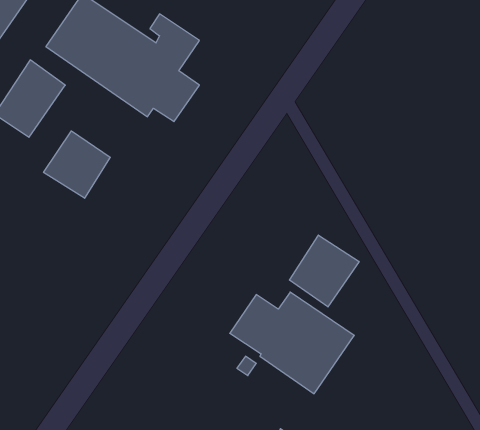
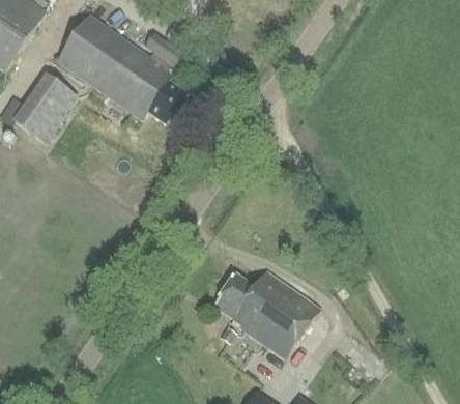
building: [44,131,110,198] -> none
building: [289,235,359,307] -> none

